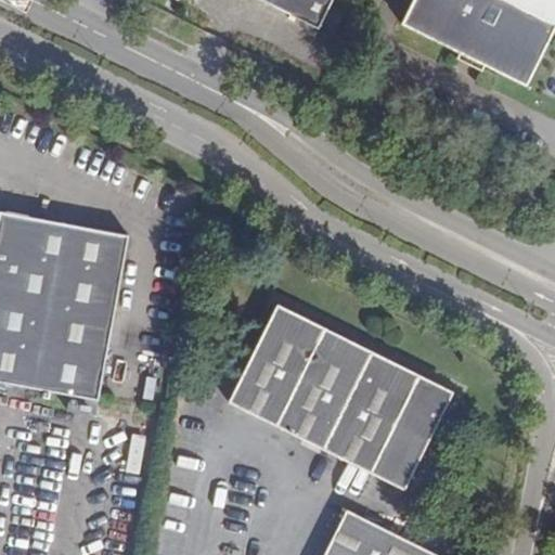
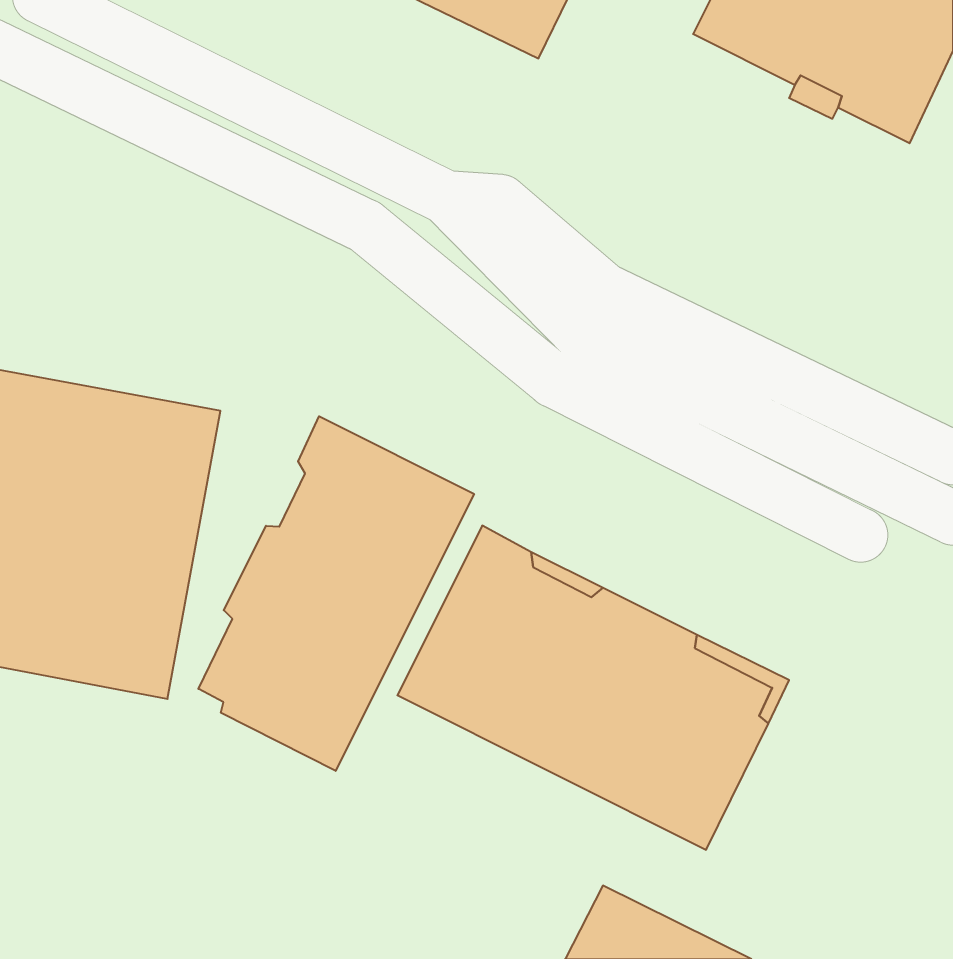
building: none -> [198,416,474,771]

